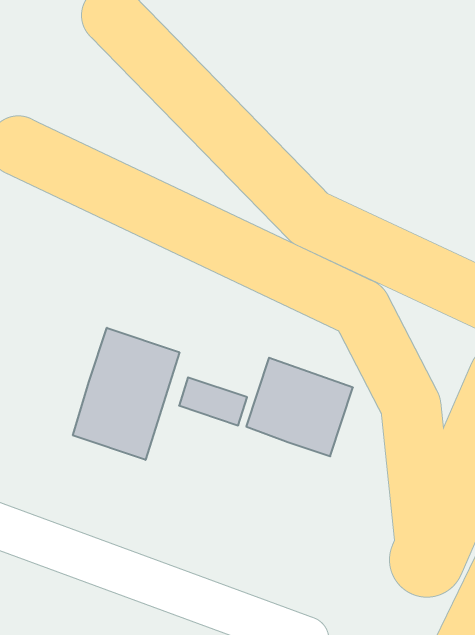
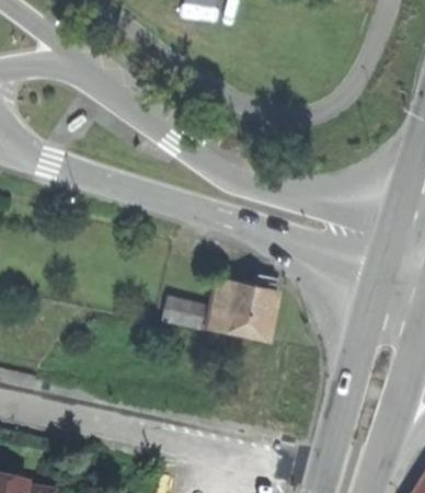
building: [73,328,179,460] -> none

